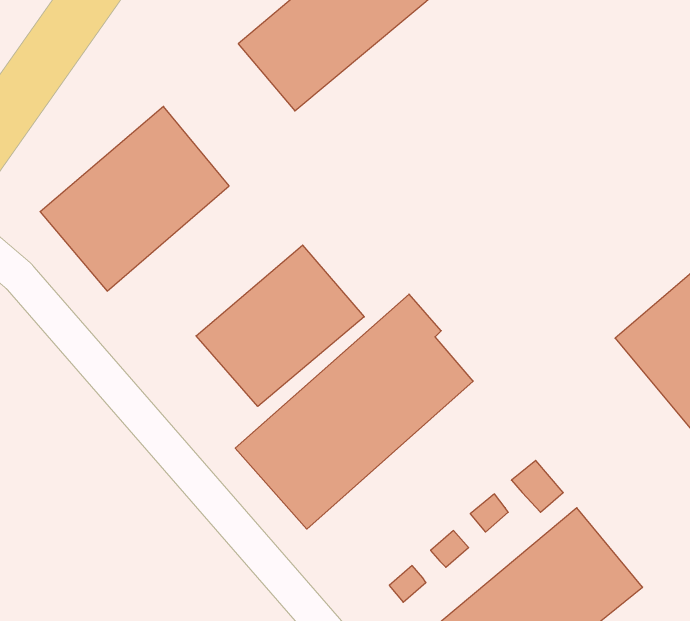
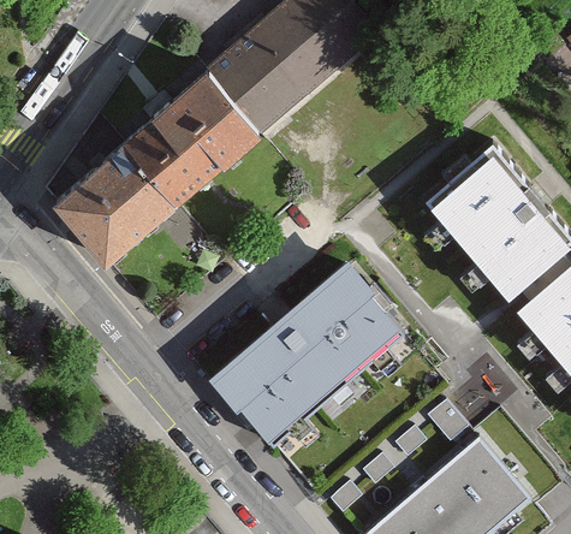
building: none -> [154,67,264,179]
building: none -> [429,158,558,290]
building: [196,245,364,406] -> none

